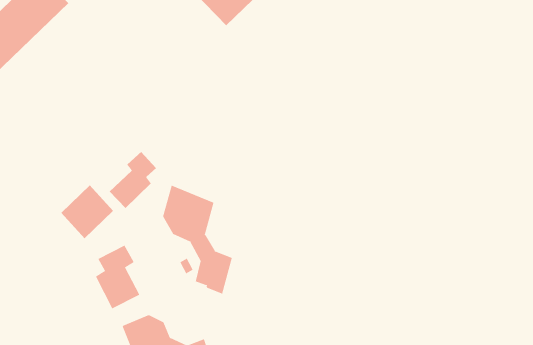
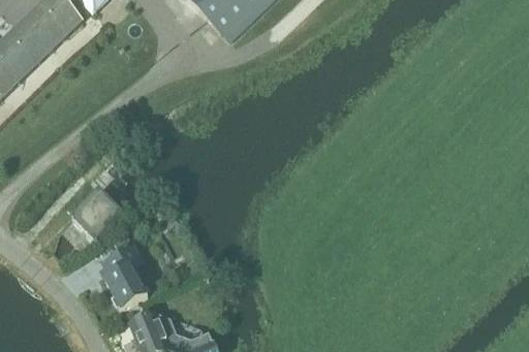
building: [109,151,157,209] -> none
building: [163,184,233,295] -> none

